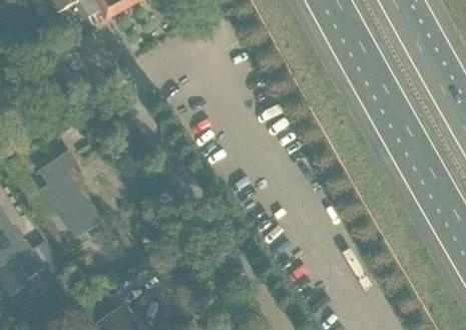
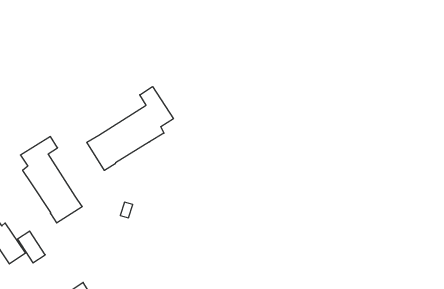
building: none -> [87,87,173,170]

